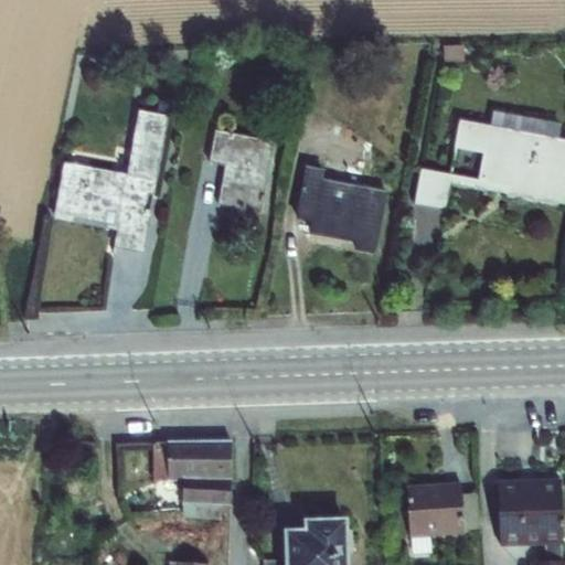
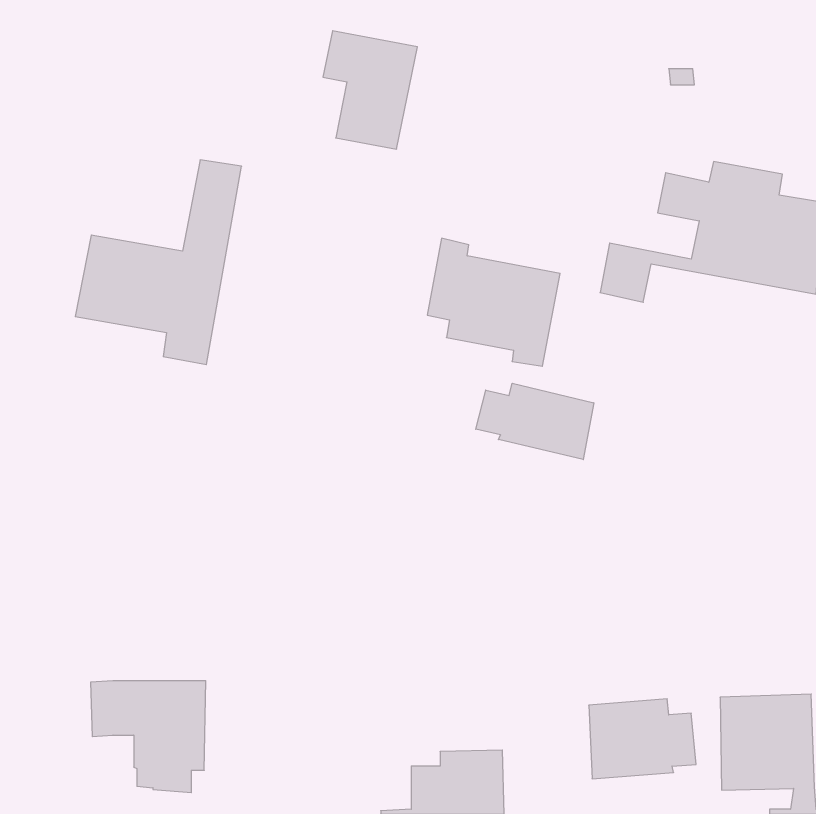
building: [209,129,274,211] -> [323,31,417,149]
building: none -> [476,383,594,460]
building: [152,441,232,519] -> [91,681,206,793]

